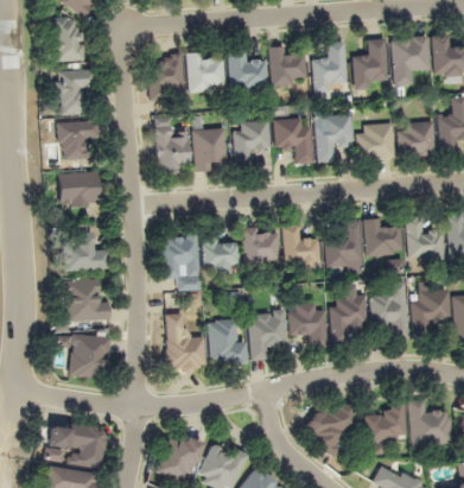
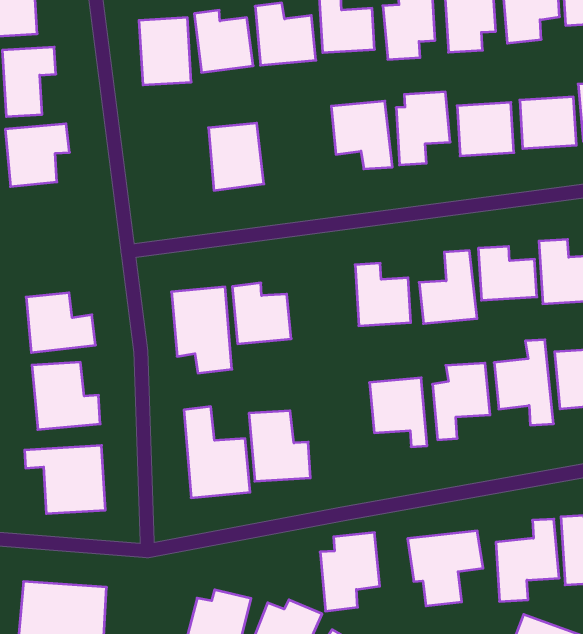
building: [235,121,268,166] -> none
building: [154,126,189,170] -> none
building: [59,172,101,207] -> none
building: [242,227,279,264] -> none
building: [248,310,286,360] -> [320,533,380,611]

